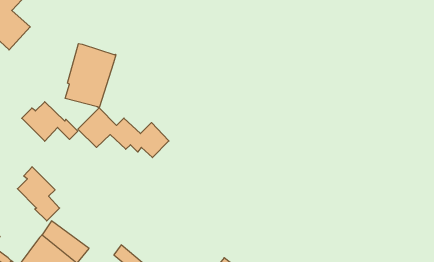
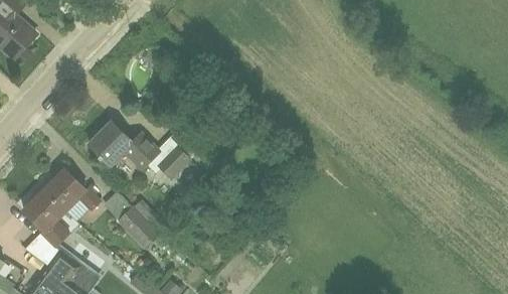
building: [65,44,116,108] -> none
building: [22,102,78,141] -> [39,168,101,211]
building: none -> [117,204,160,249]

